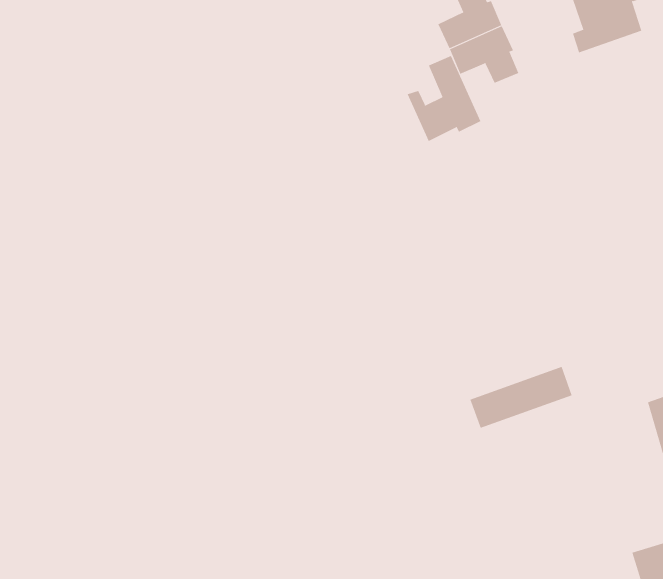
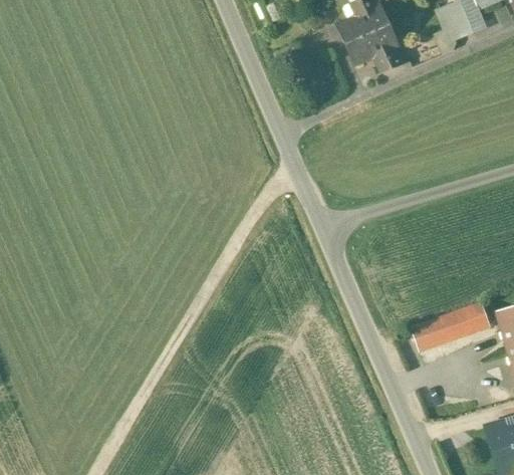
building: [407,55,481,142] -> none
building: [470,366,573,428] -> [411,302,489,349]

